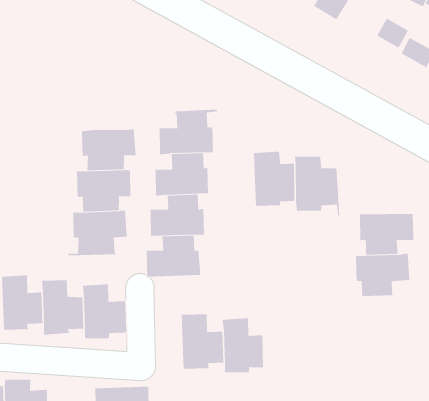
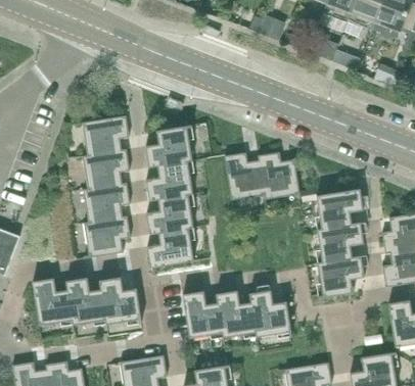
building: none -> [82,115,129,154]
building: none -> [317,255,364,298]
building: none -> [249,290,291,337]

